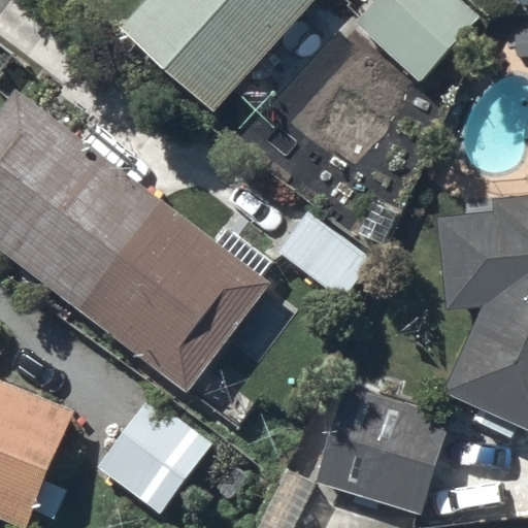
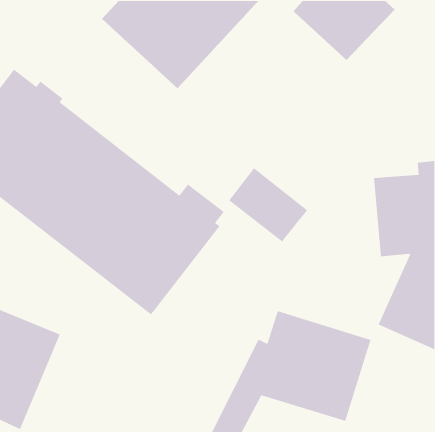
building: [97,399,212,516] -> none

